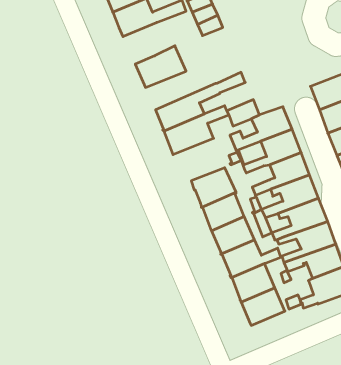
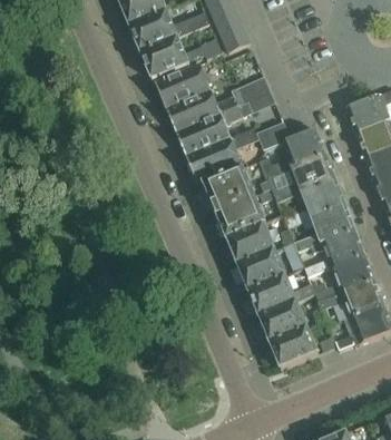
building: none -> [141,36,219,78]
building: none -> [166,86,244,131]
building: none -> [204,166,253,209]

